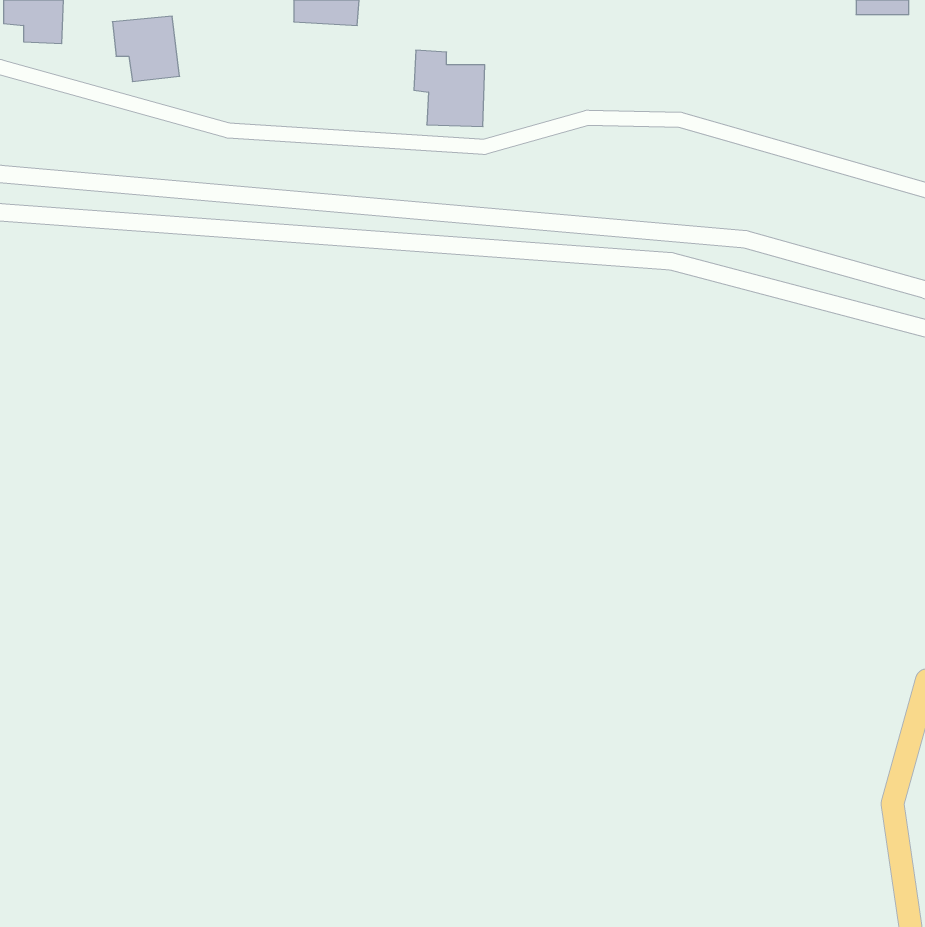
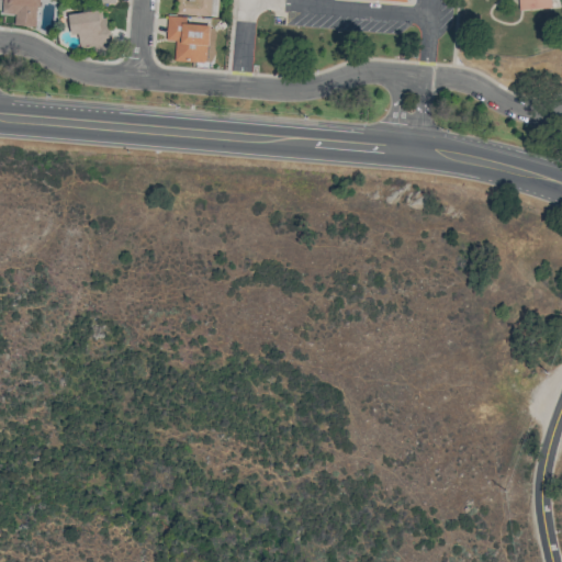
building: [414,50,485,127] -> [167,15,210,61]

